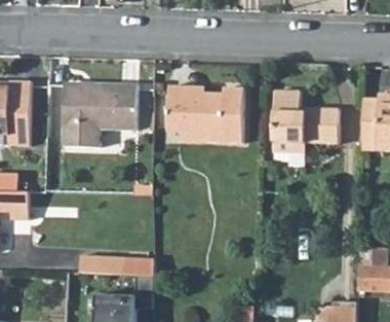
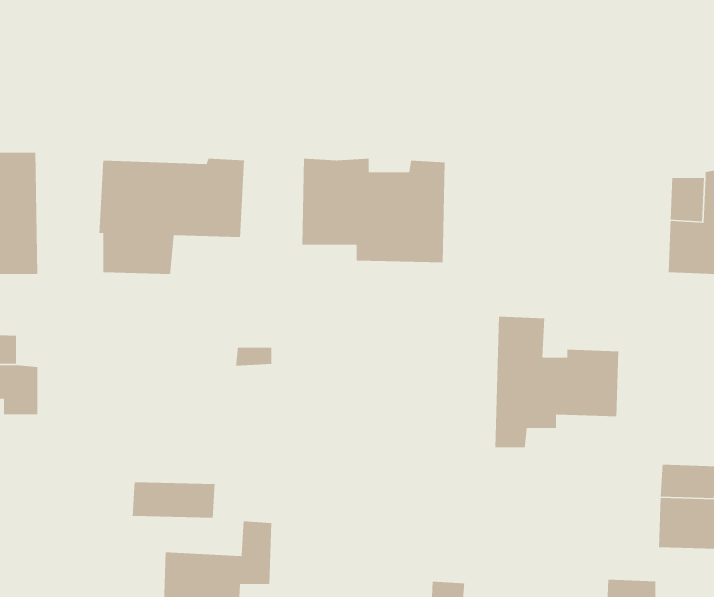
building: [273,88,339,158] -> [494,316,619,448]

